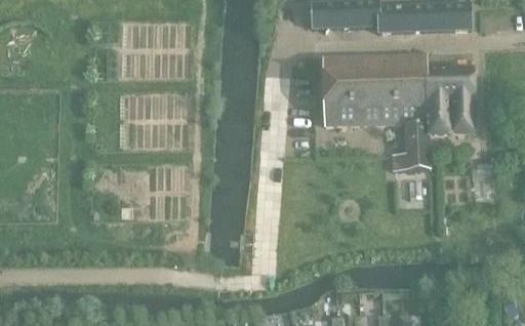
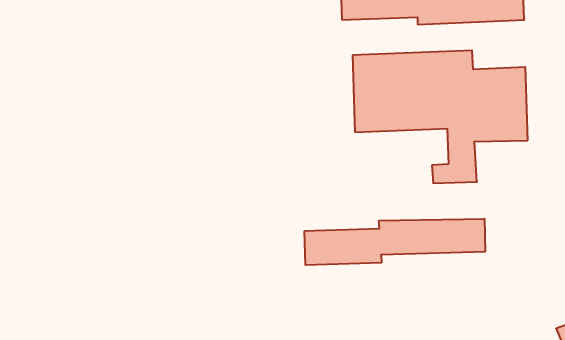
building: none -> [305,219,485,265]

